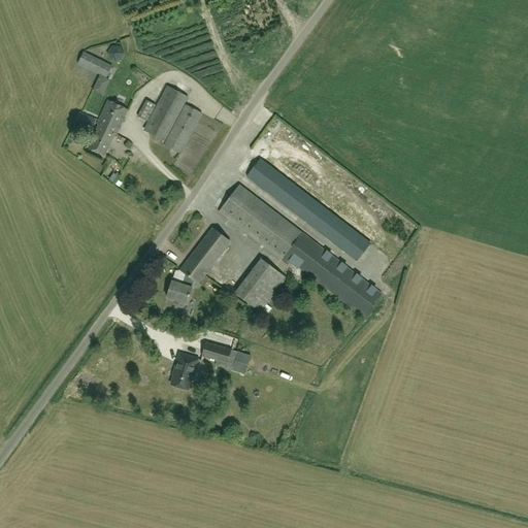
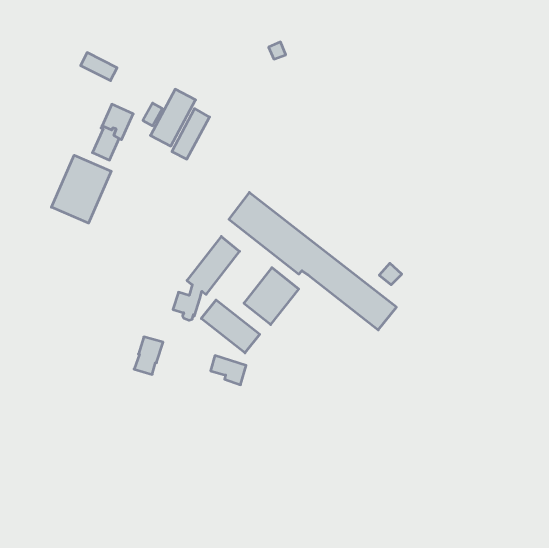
building: none -> [51,155,111,223]
building: [246,158,370,260] -> none
building: none -> [201,300,260,353]
building: [170,353,198,389] -> [134,337,163,374]

